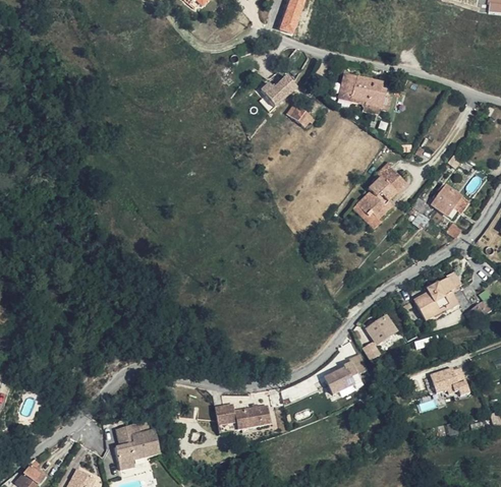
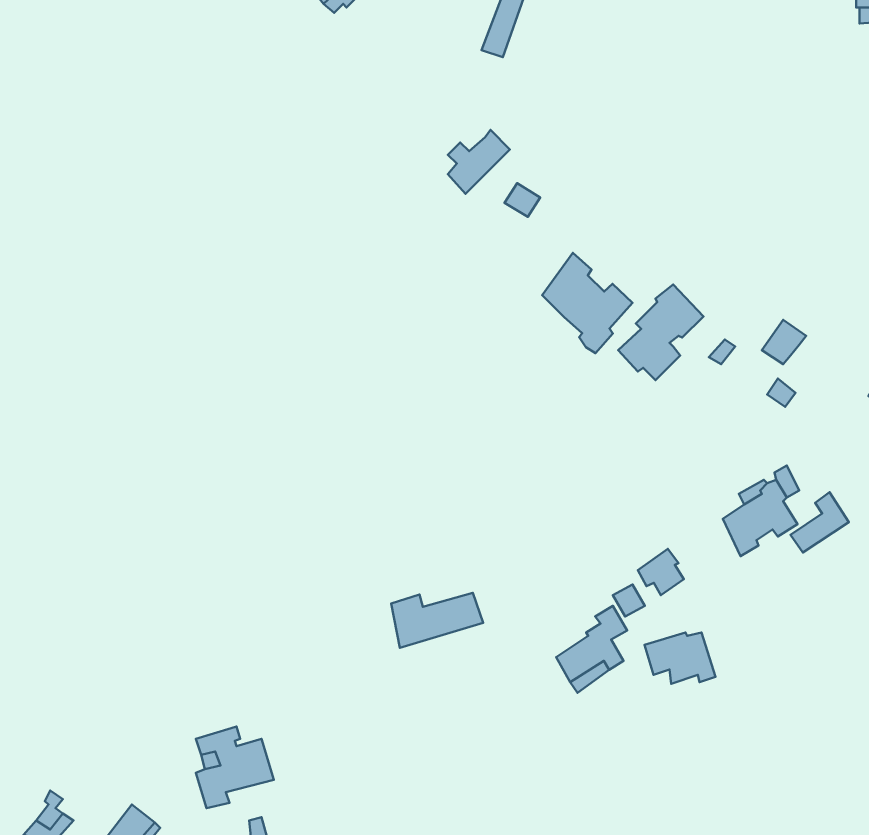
building: [346,77,379,107] -> none
building: none -> [542,253,632,353]
building: [431,367,471,397] -> [645,632,716,684]
building: [214,408,267,439] -> [391,593,483,648]

